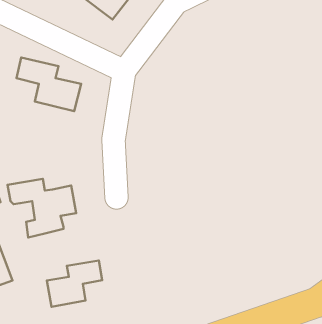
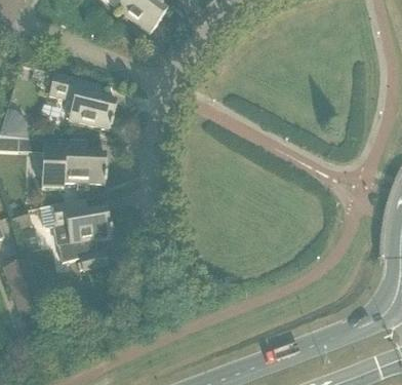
building: none -> [40,139,107,189]
building: [47,260,102,307] -> none

